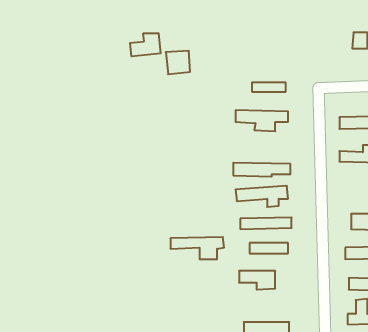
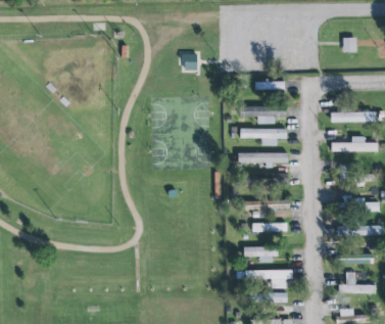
building: [130,33,161,56] -> none
building: none -> [241,128,287,145]
building: [170,237,224,259] -> [246,269,293,288]

